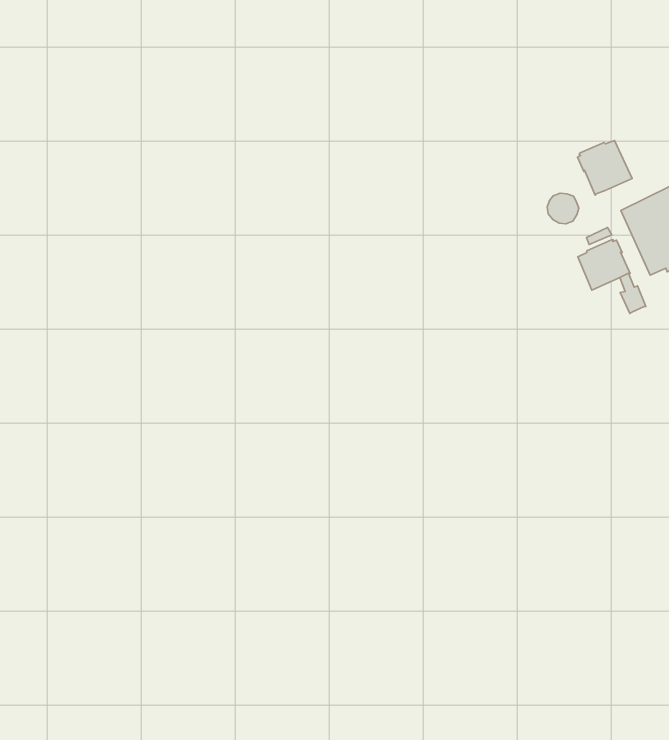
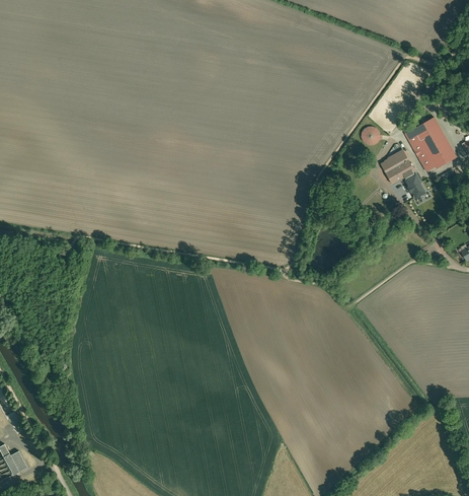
building: [577,140,632,195] -> none

